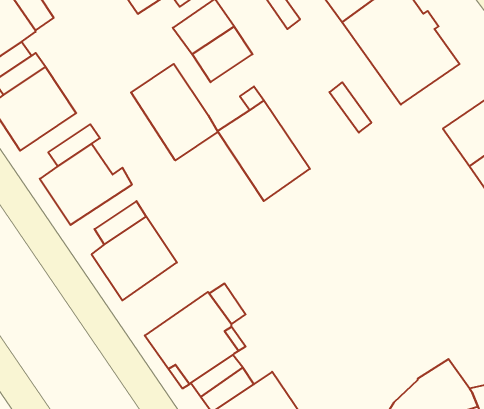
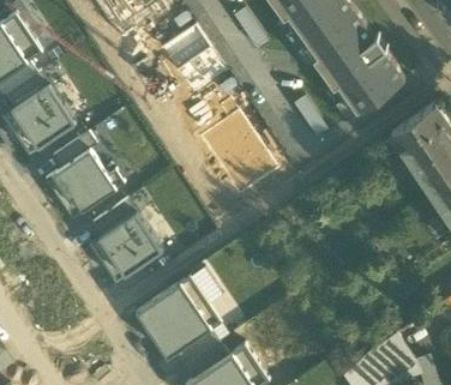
building: [131,64,218,160] -> none

